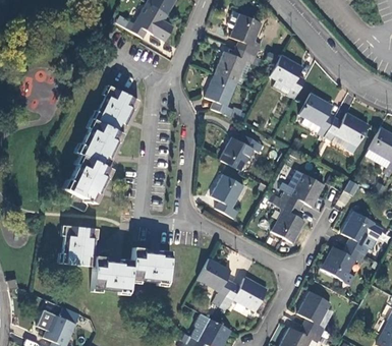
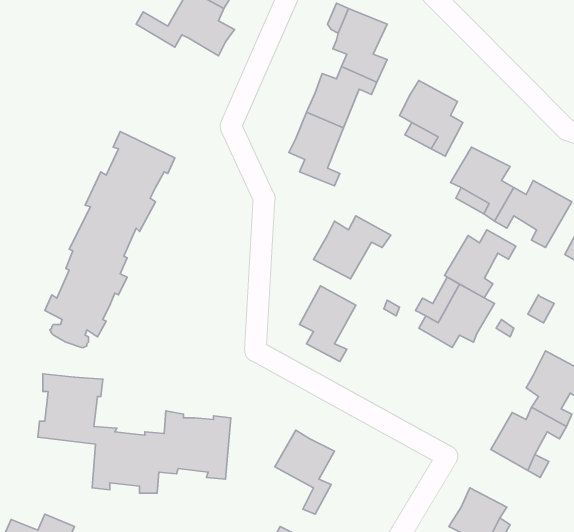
building: none -> [444,230,516,298]
building: [271,198,303,242] -> none
building: [220,278,267,310] -> none

